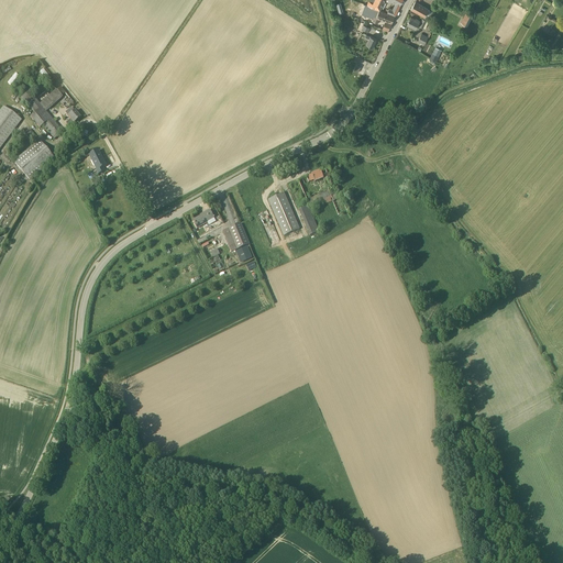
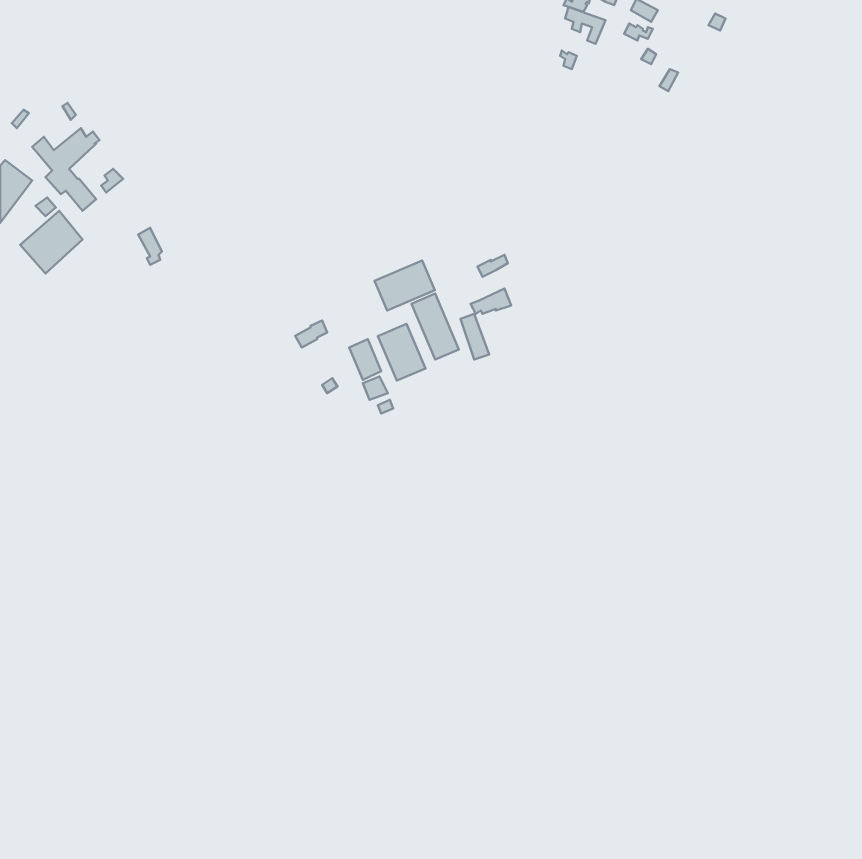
building: none -> [375,260,435,311]
building: none -> [378,324,426,381]

